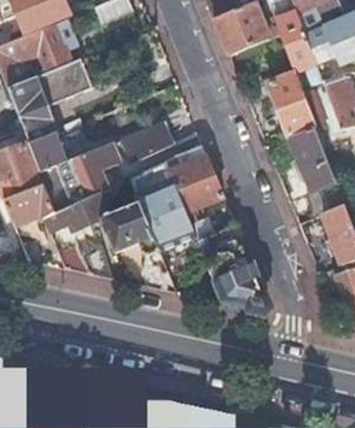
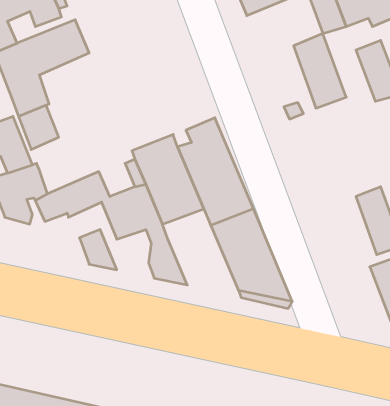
building: [118,122,171,163] -> none
building: [287,127,344,217] -> none
building: [39,145,114,194] -> none

